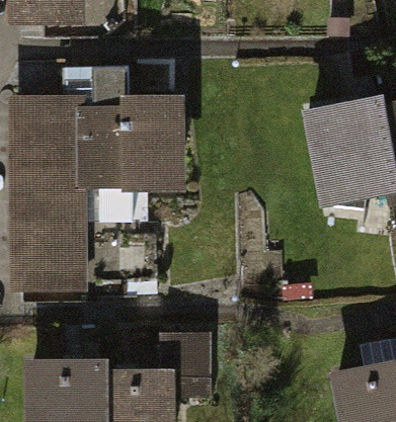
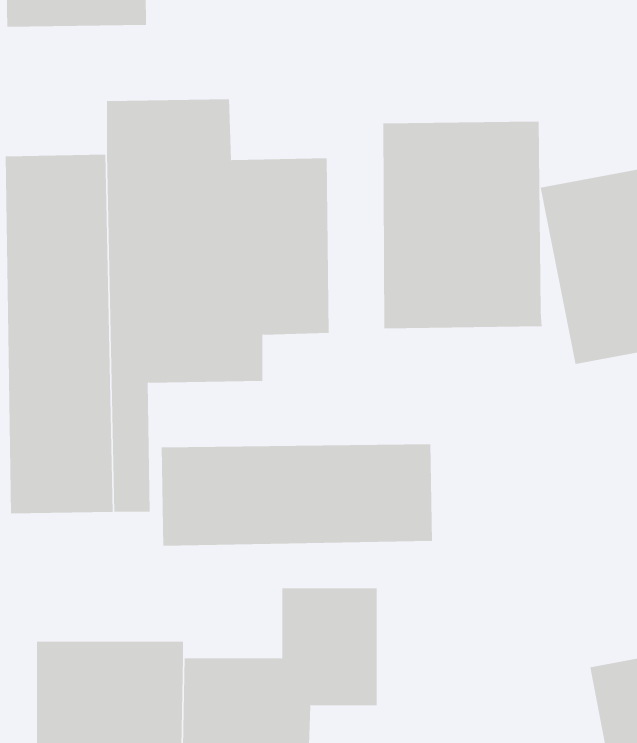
building: none -> [383,121,542,329]
building: none -> [161,444,432,546]

